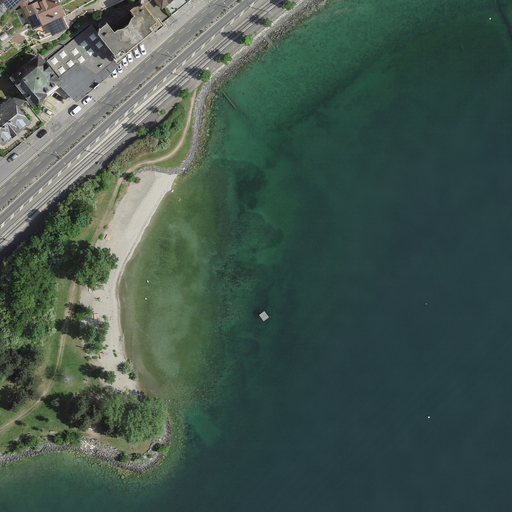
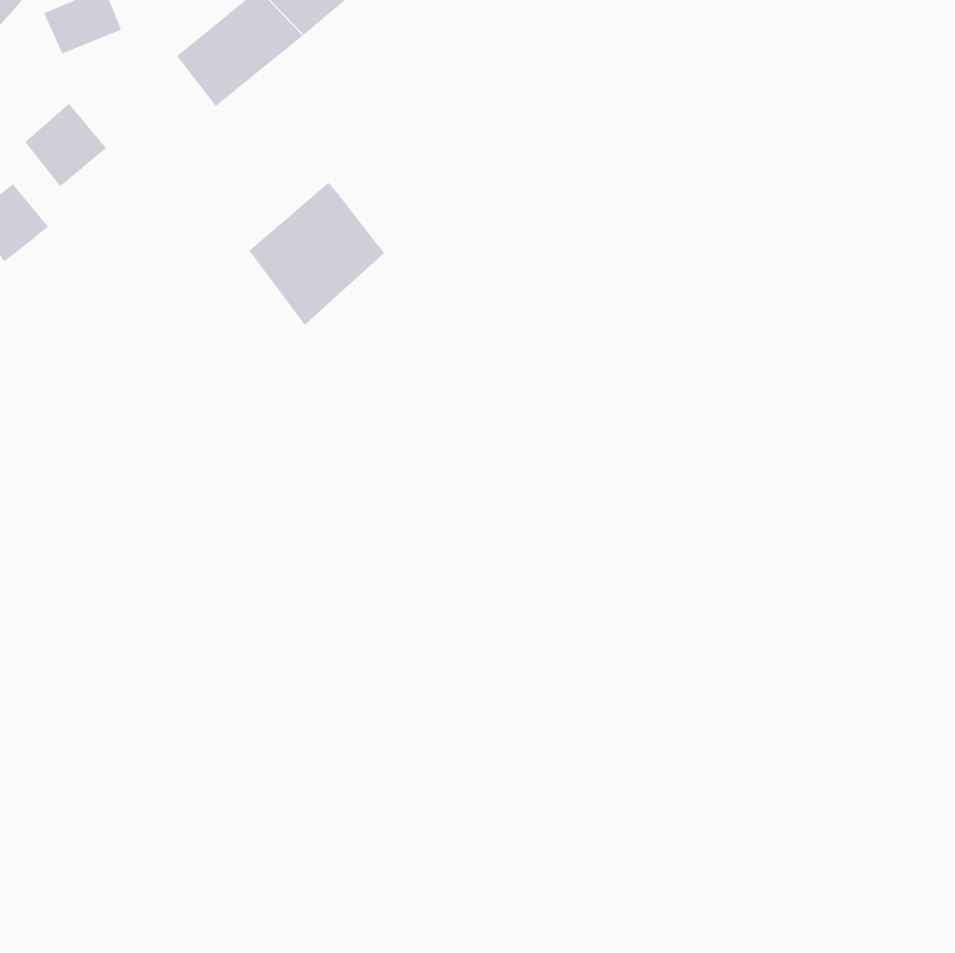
building: [46,24,119,101] -> [248,182,385,326]

